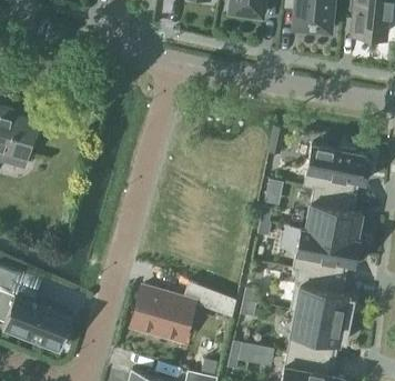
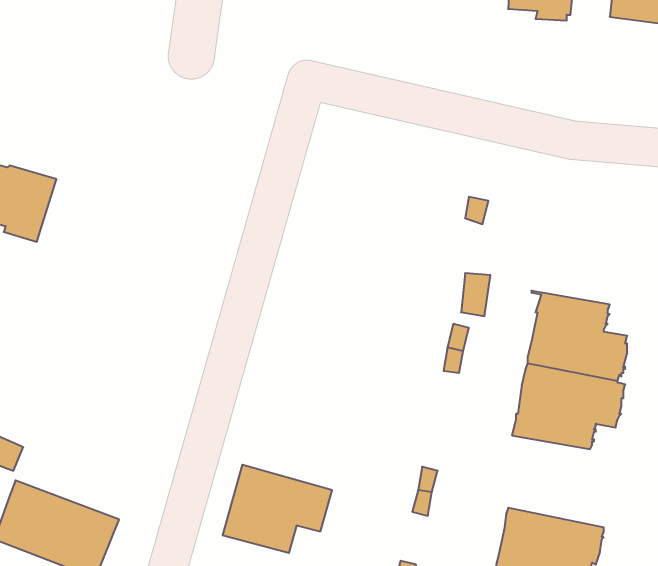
building: [306,147,369,197] -> none
building: [293,271,352,323] -> none

